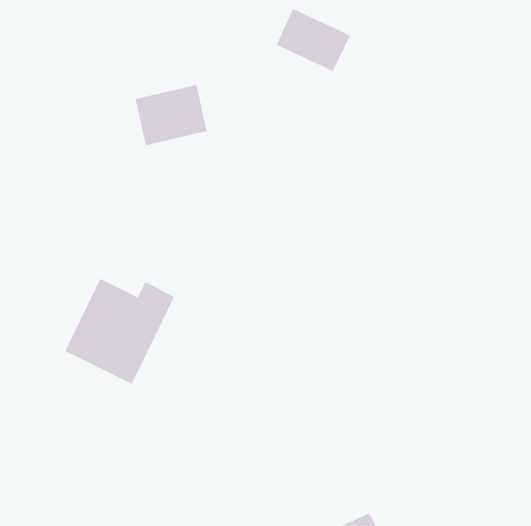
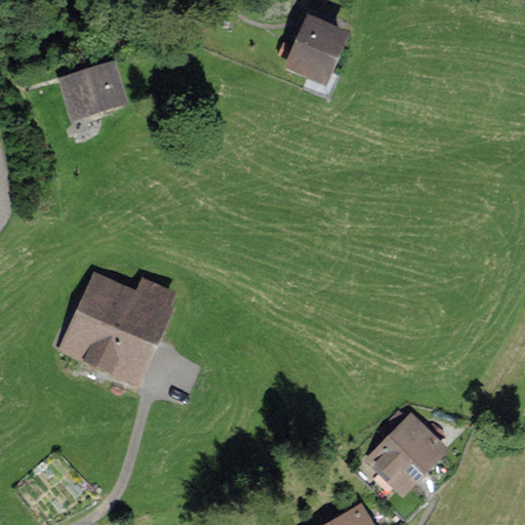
building: [135,84,208,146] -> [53,63,125,123]
building: none -> [372,415,447,490]

